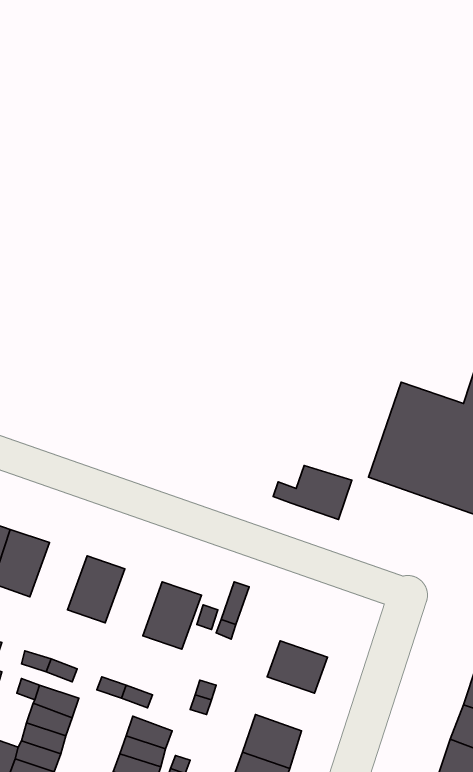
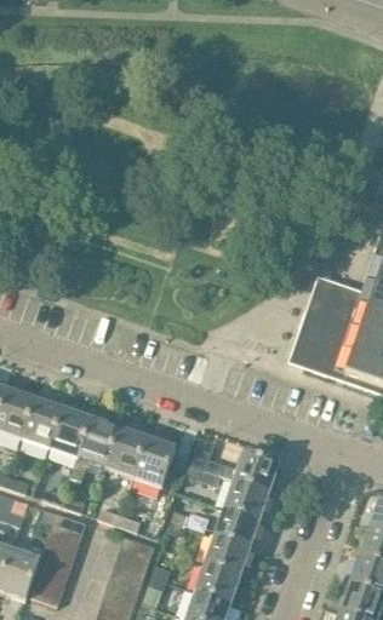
building: [273,465,352,519] -> [221,452,279,492]
building: none -> [48,407,91,457]
building: none -> [104,426,147,476]
building: none -> [216,506,259,546]

